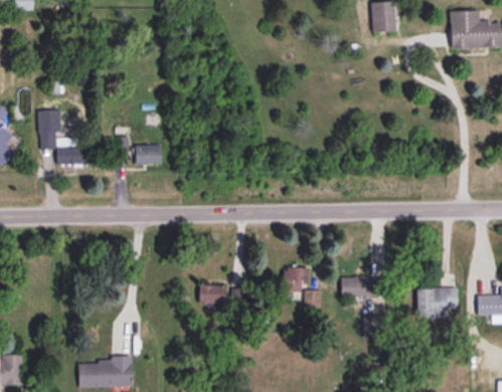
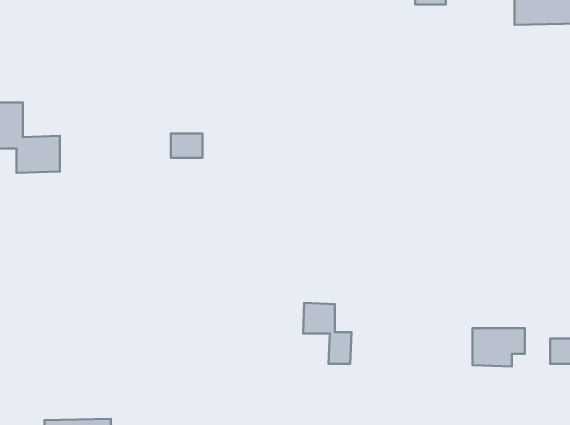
building: [136,145,161,164] -> [171,134,203,158]
building: [341,276,378,296] -> none
building: [199,285,225,304] -> none

